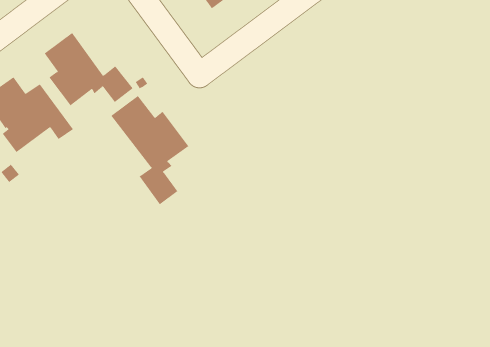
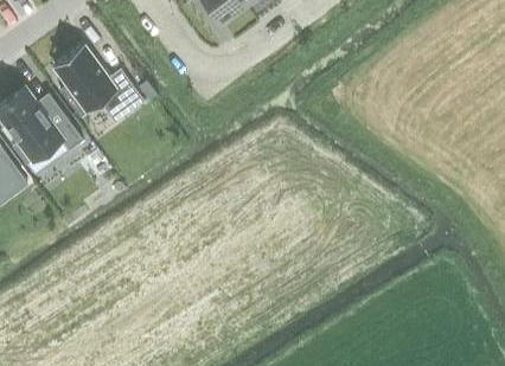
building: [111,95,189,205] -> none

